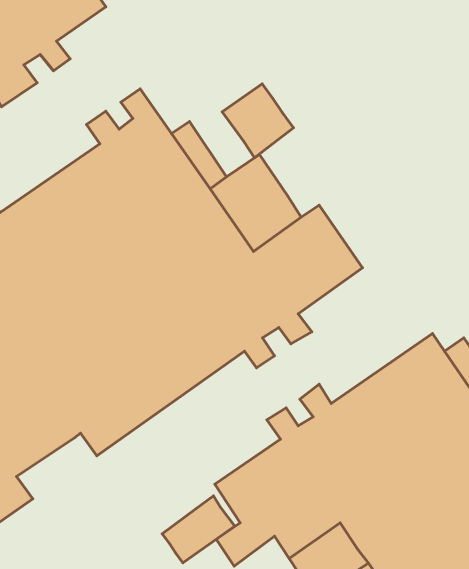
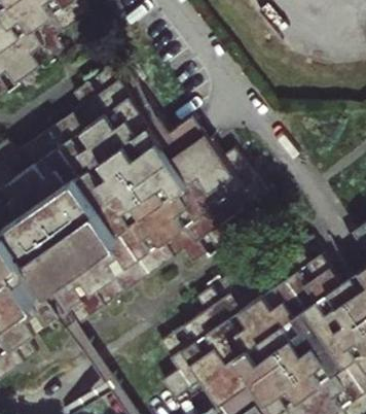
building: [222,84,293,158] -> none
building: [162,496,235,563] -> none

